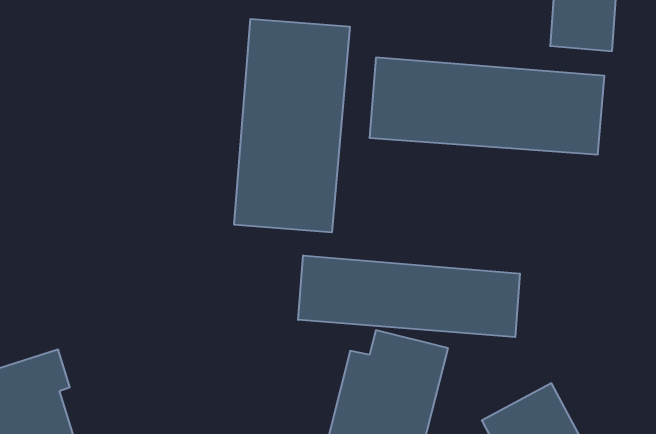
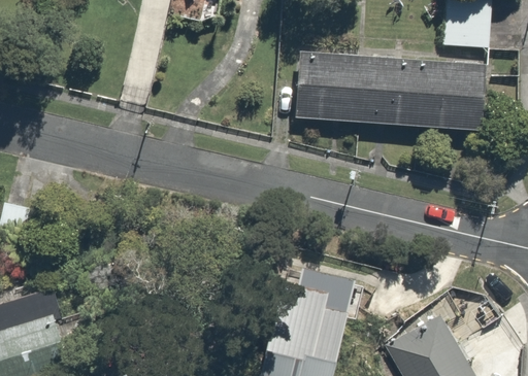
building: [234,19,350,232] -> none
building: [298,255,520,337] -> none

